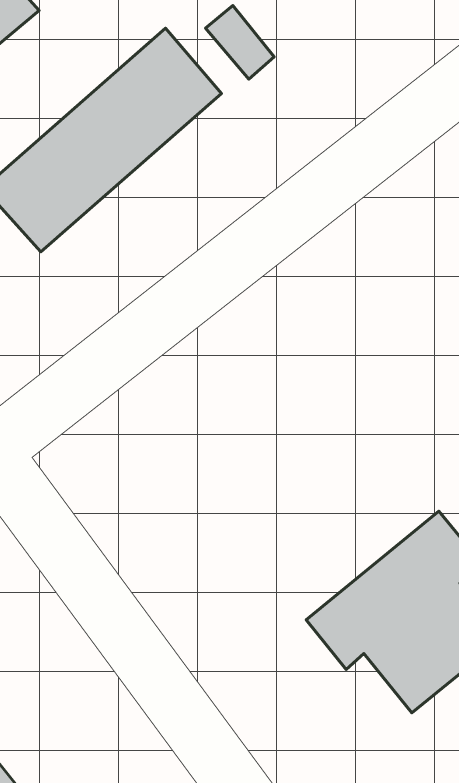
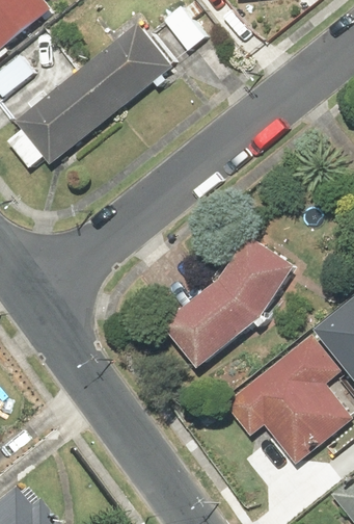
building: none -> [166,233,297,368]

